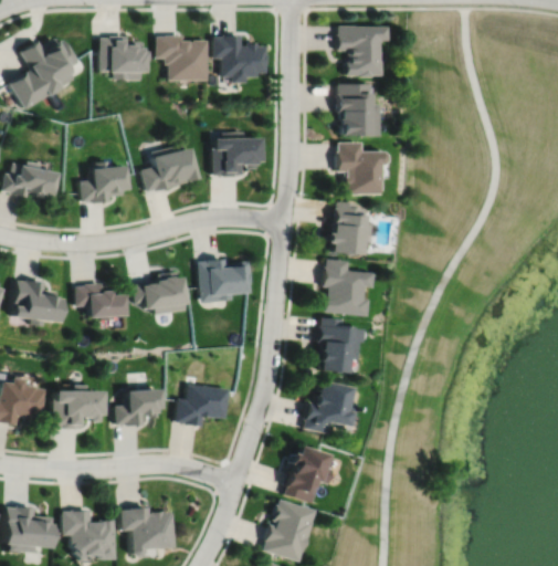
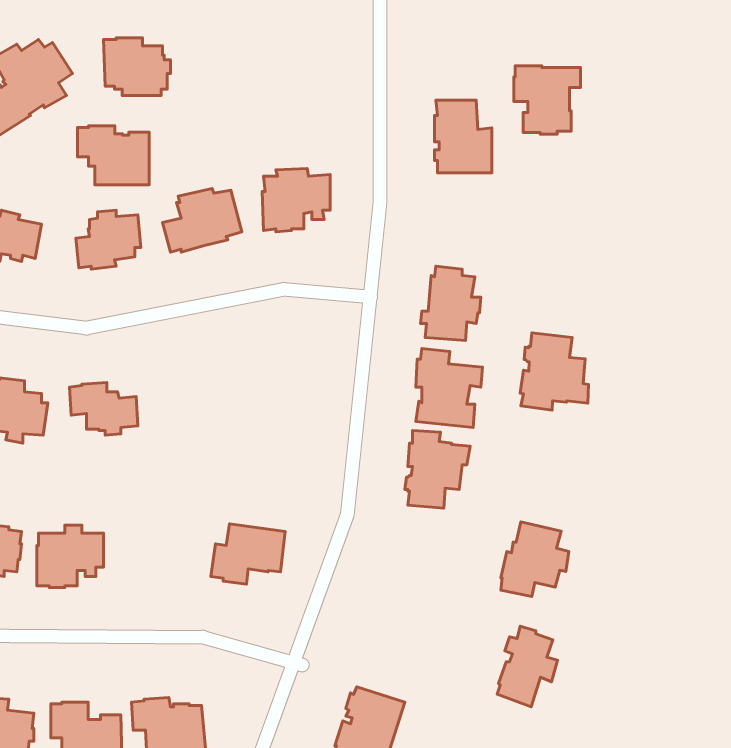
building: [339,27,387,75] -> [514,66,581,134]
building: [159,36,210,78] -> [78,126,149,185]
building: [215,36,270,81] -> none
building: [337,142,387,193] -> none
building: none -> [520,333,588,410]
building: [200,258,252,302] -> none
building: [135,271,187,314] -> none
building: [306,380,355,433] -> [501,522,569,596]
building: [117,388,162,426] -> none
building: [286,446,329,503] -> [497,626,558,707]

